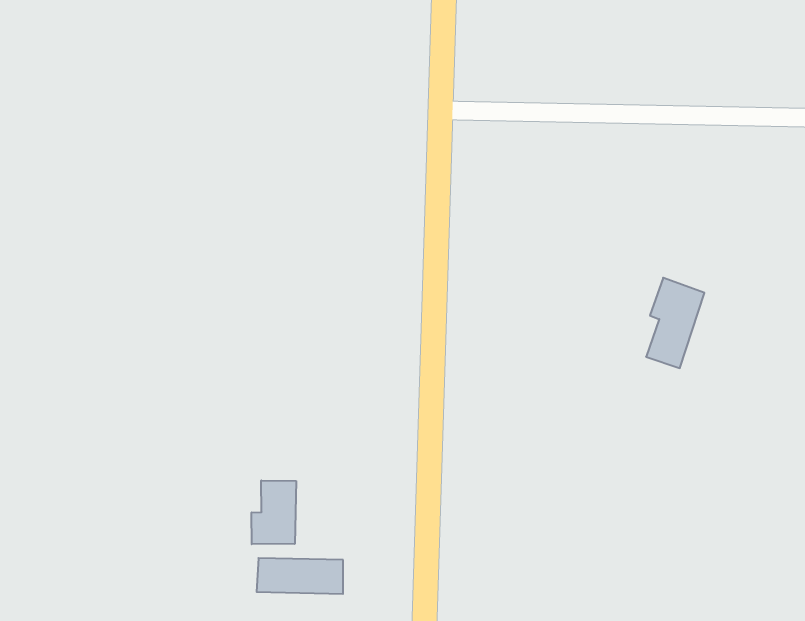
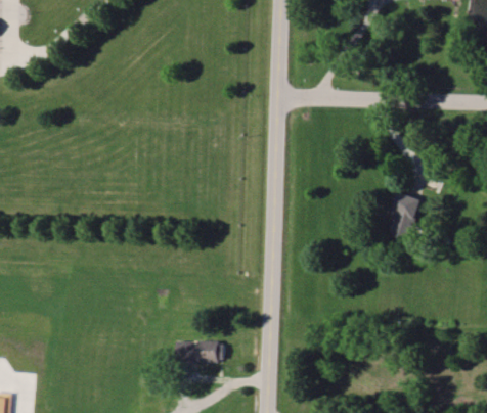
building: [252,480,296,544] -> none

